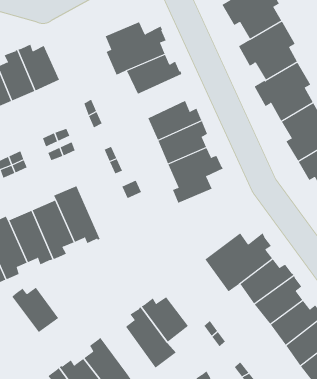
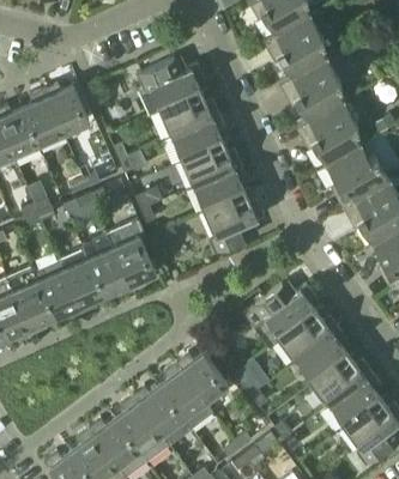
building: none -> [173,116,226,163]
building: none -> [108,220,156,292]
building: [12,287,67,333] -> [133,386,192,435]

